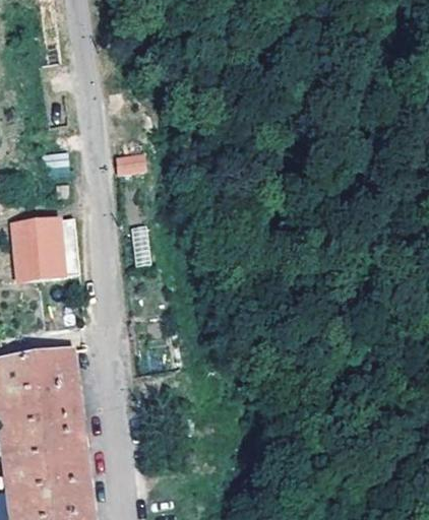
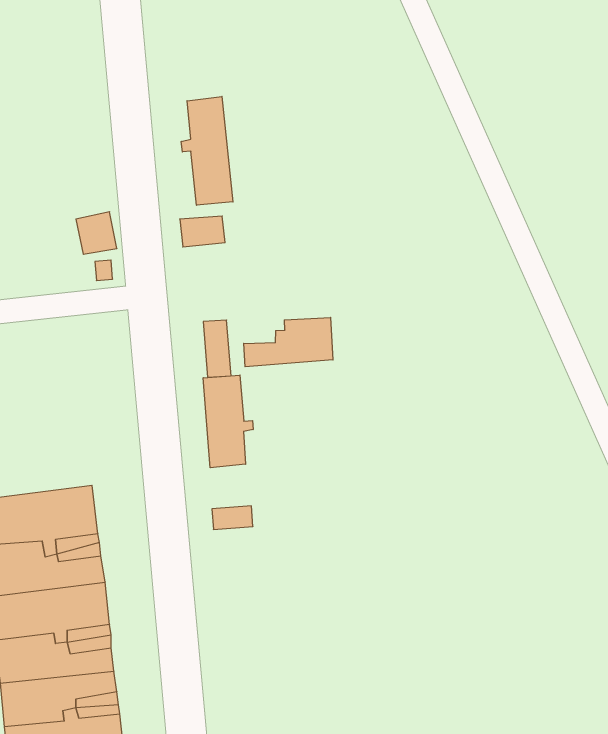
building: none -> [181,96,233,205]
building: [26,221,73,282] -> none
building: none -> [244,317,333,367]
building: none -> [203,375,253,468]

